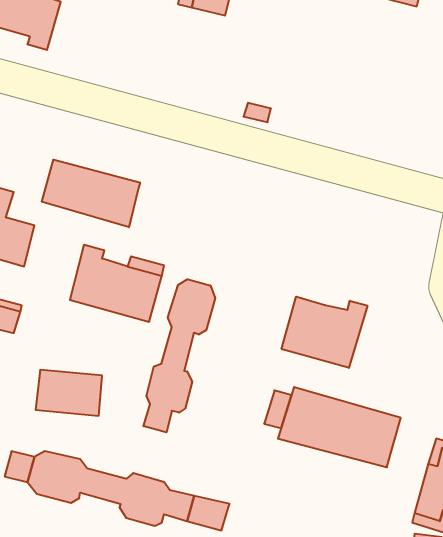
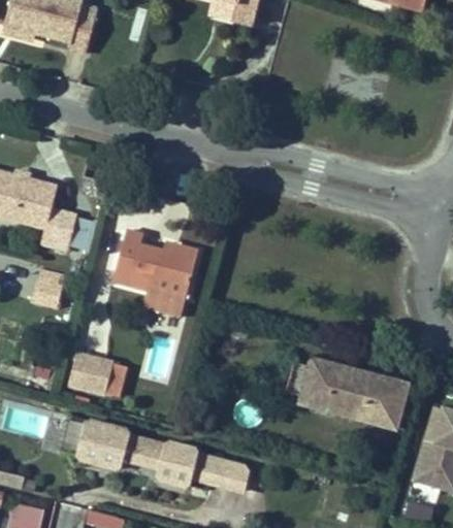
building: [42,160,140,227] -> none
building: [143,279,215,432] -> none
building: [282,297,367,368] -> none

